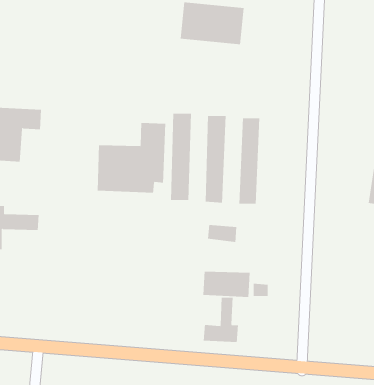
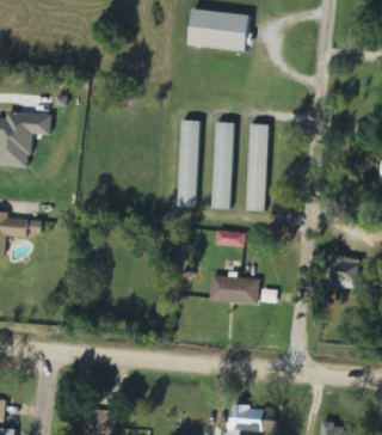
building: [97,122,166,193] -> none
building: none -> [326,255,358,284]
building: [203,297,238,343] -> none

